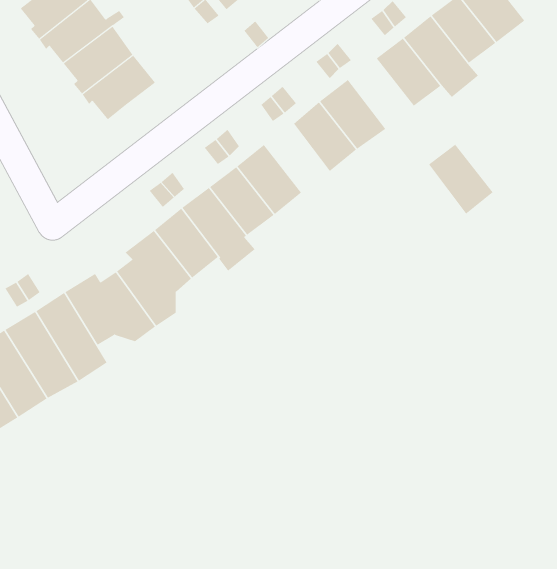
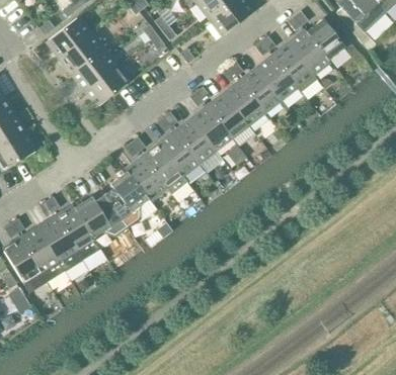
building: none -> [192,107,231,148]
building: [428,144,493,214] -> [242,69,281,110]

